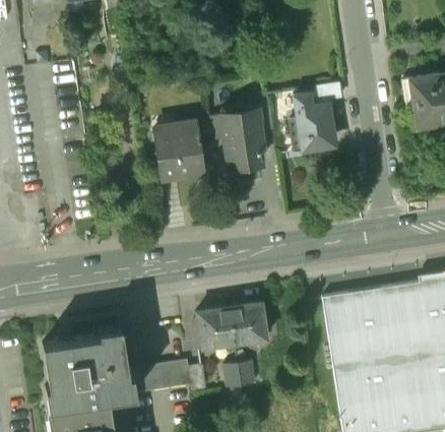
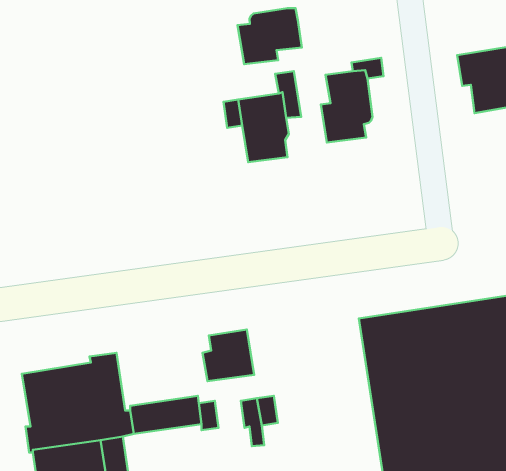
building: none -> [238,8,302,64]
building: [155,121,205,179] -> none
building: [229,301,271,344] -> none

